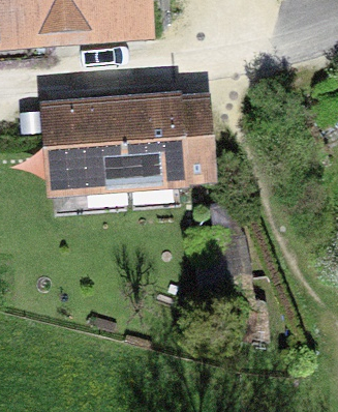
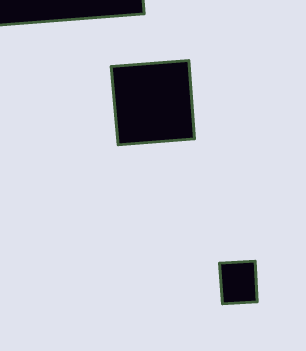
building: [53,98,126,186] -> none

